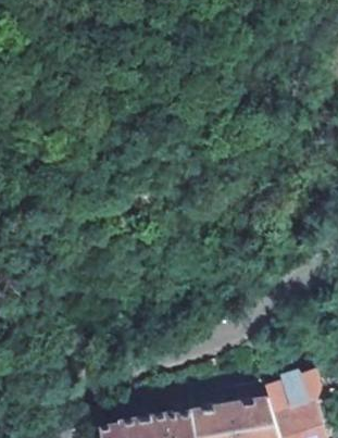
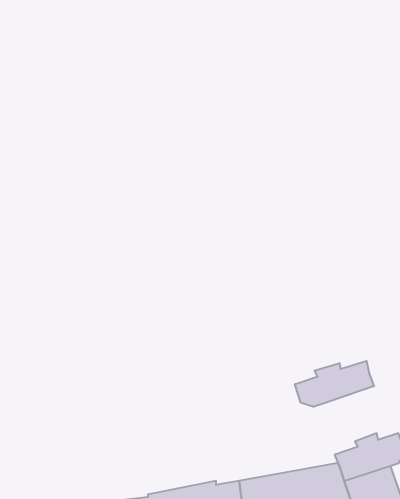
building: none -> [295,361,374,407]

